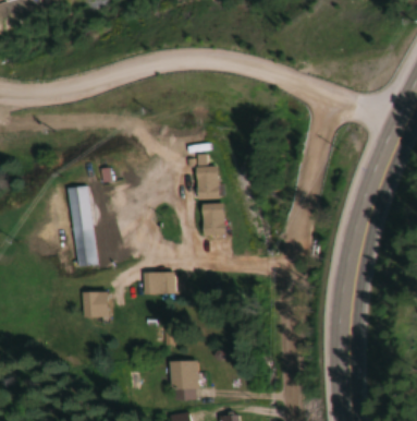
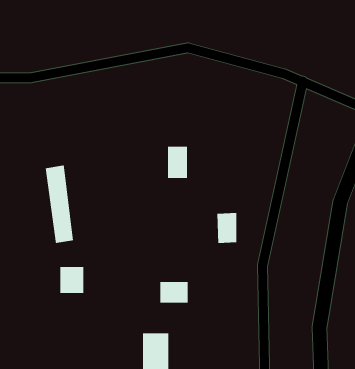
building: [203,204,224,237] -> [217,213,237,244]
building: [146,273,176,296] -> [159,282,189,303]

